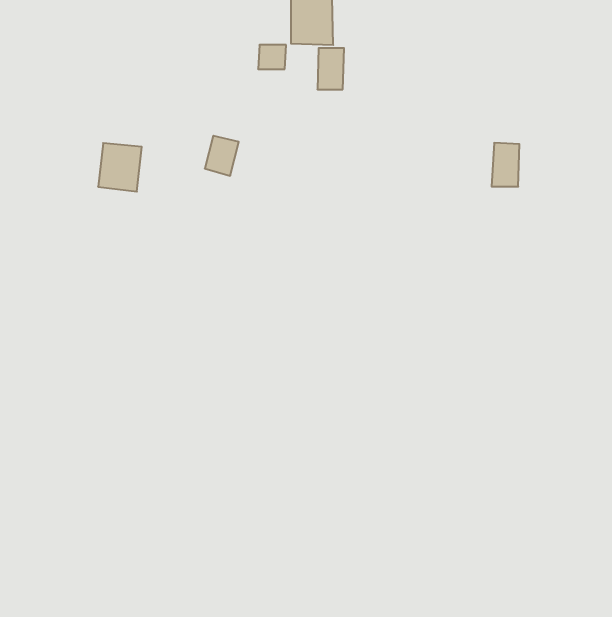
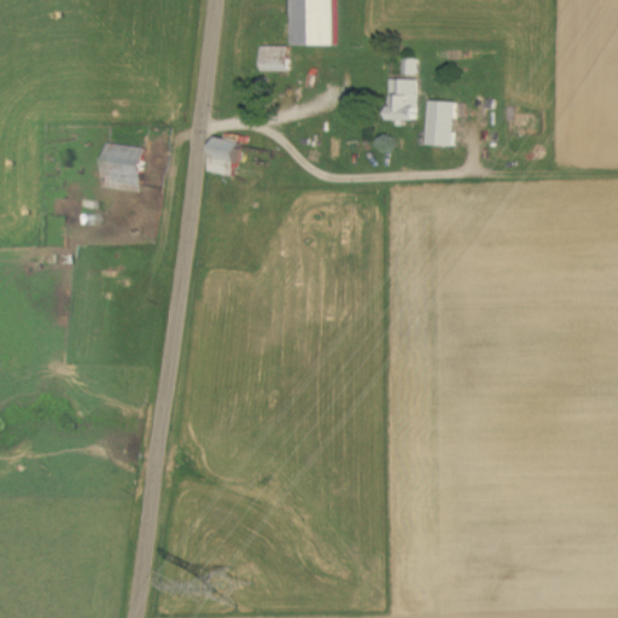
building: [317,48,344,89] -> [387,77,414,118]
building: [492,143,519,187] -> [425,100,453,144]

